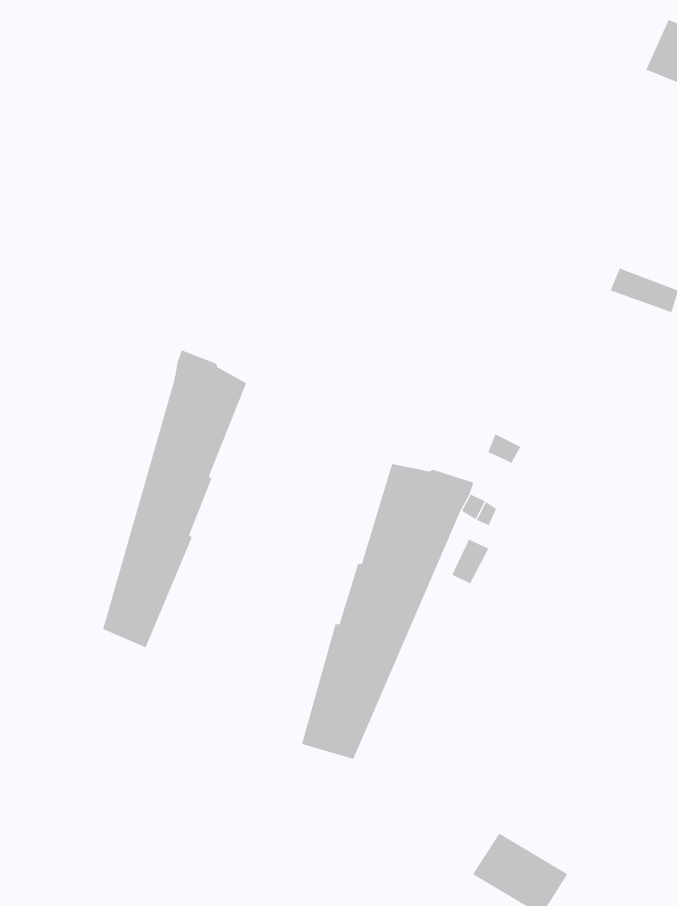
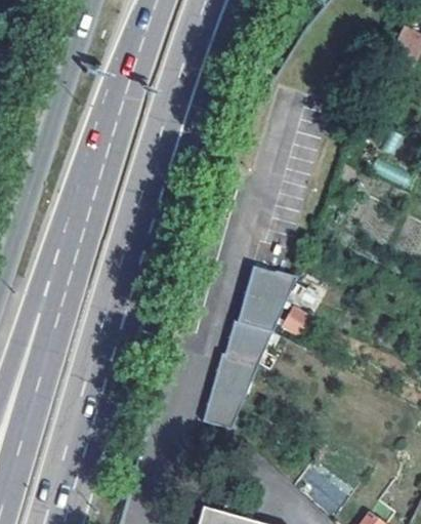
building: [103,350,247,648] -> none

